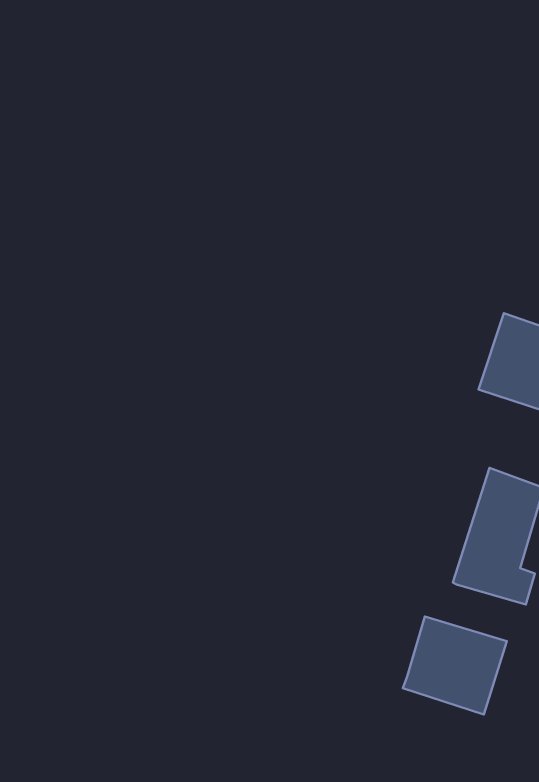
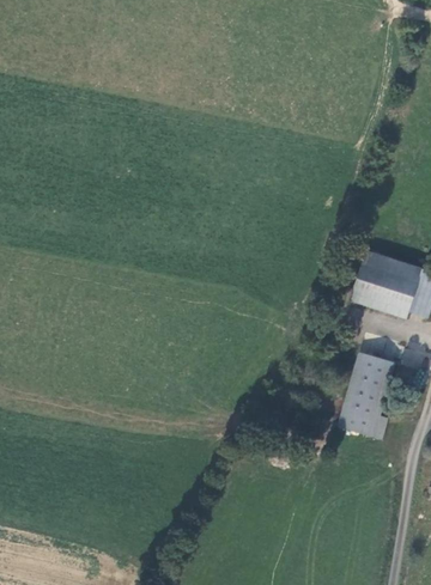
building: [403,616,507,715] -> none

